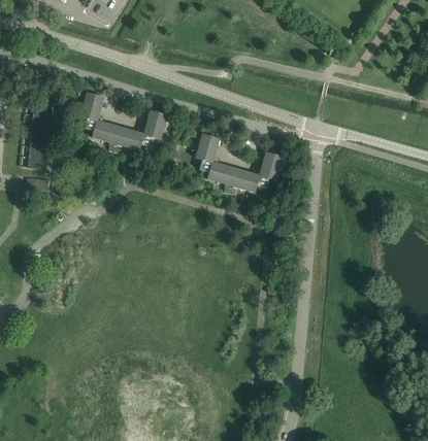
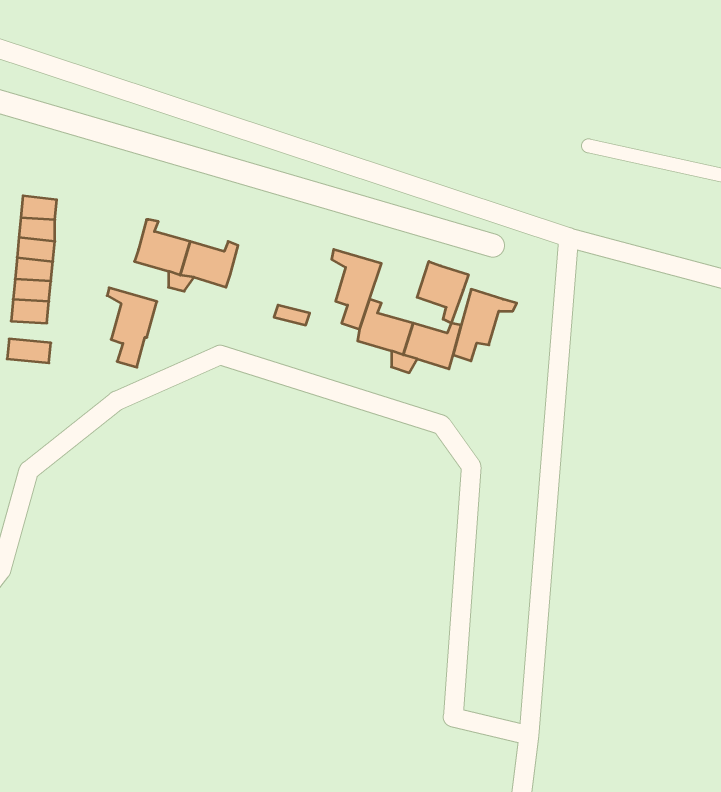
building: [77,89,103,130] -> [107,288,157,367]
building: [140,109,174,146] -> none
building: none -> [417,261,468,323]

